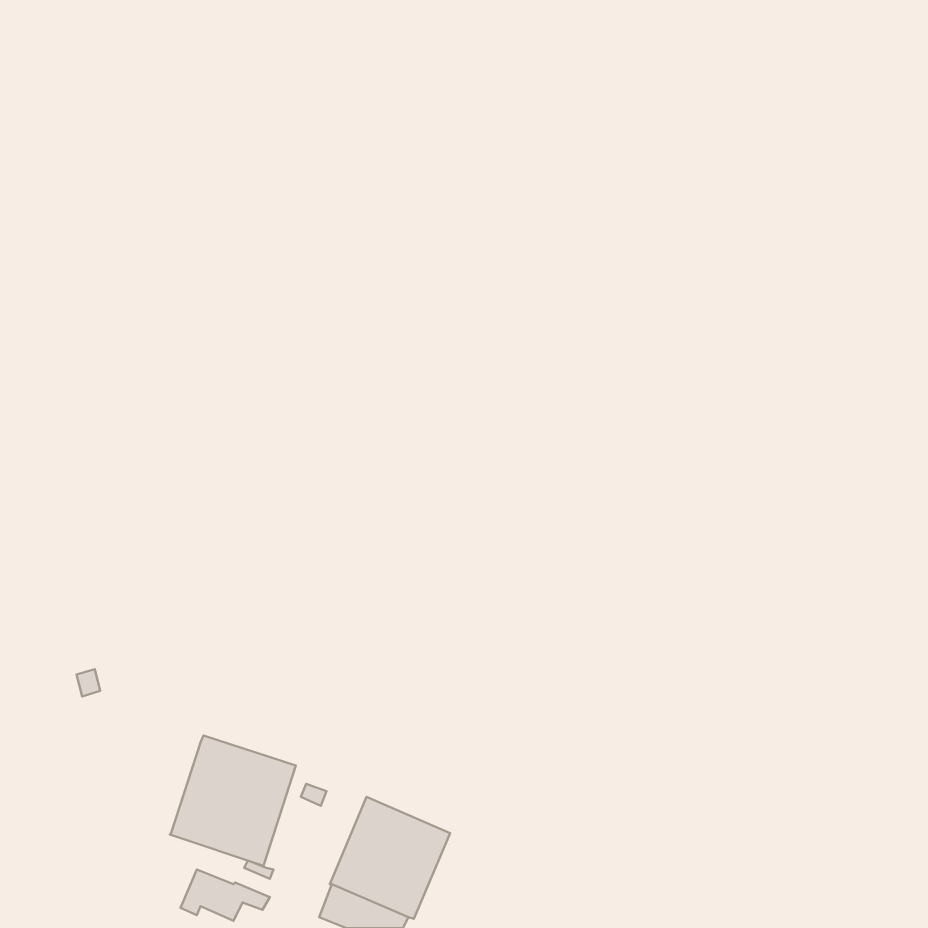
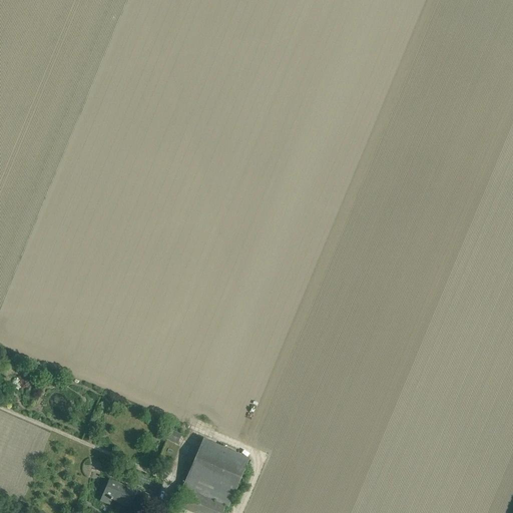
building: [170,735,296,866] -> none

